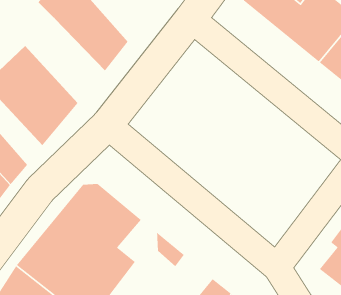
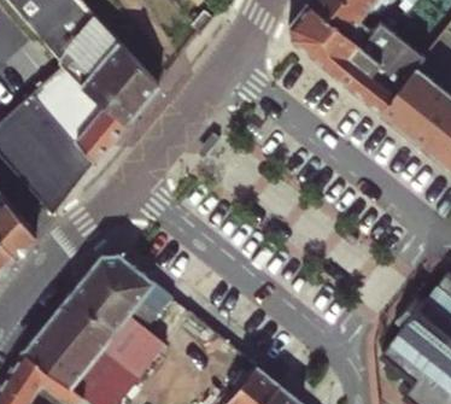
building: none -> [34,60,128,160]

